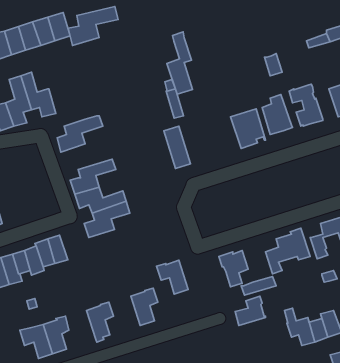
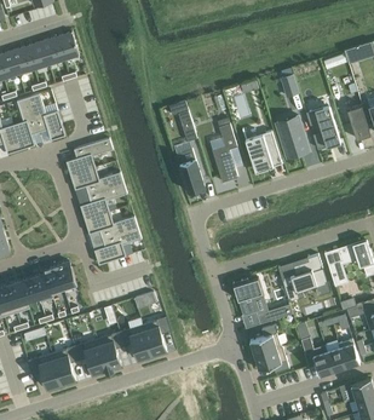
building: [68,7,118,45] -> none
building: [167,32,193,94] -> [211,119,237,183]
building: none -> [69,168,122,195]
building: [157,260,188,294] -> [119,326,151,361]
building: none -> [74,340,105,375]
building: none -> [253,347,288,374]

